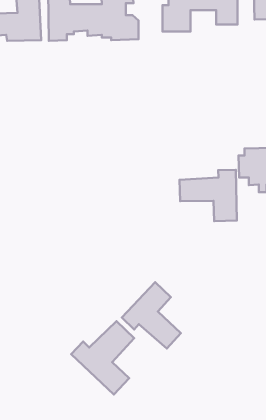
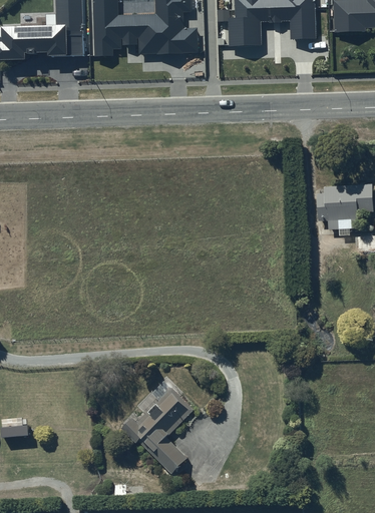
building: [180,170,237,221] -> none
building: [122,282,181,348] -> none

